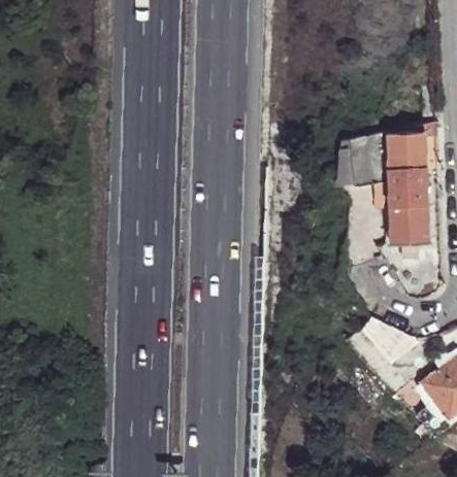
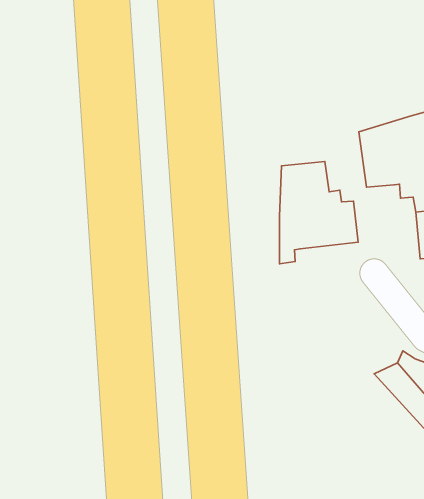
building: none -> [279,162,358,264]

